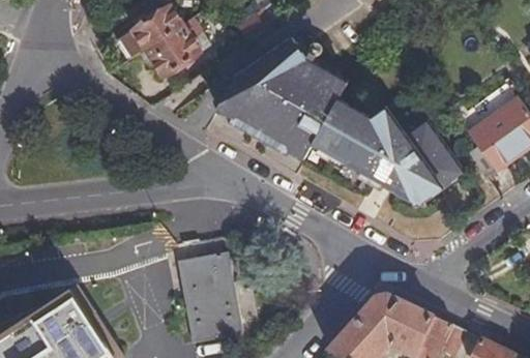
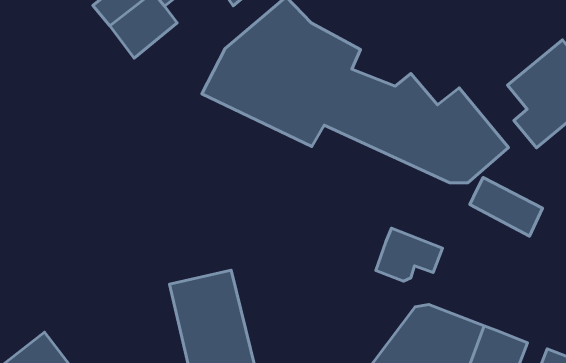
building: none -> [470,178,542,236]
building: none -> [376,228,443,281]

